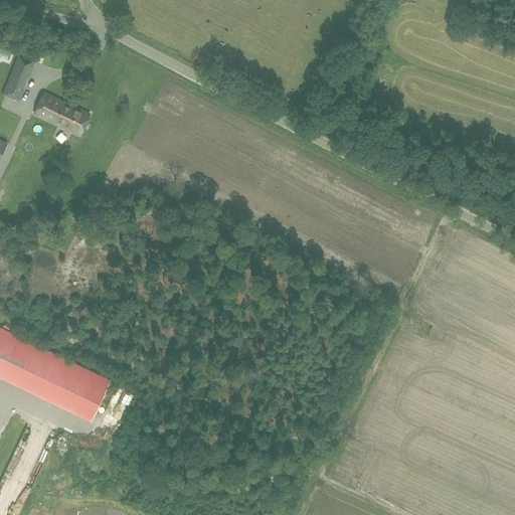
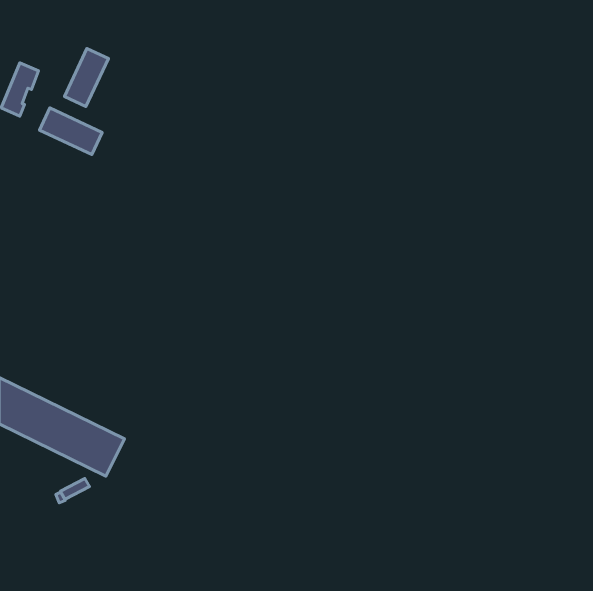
building: none -> [64,49,108,106]

